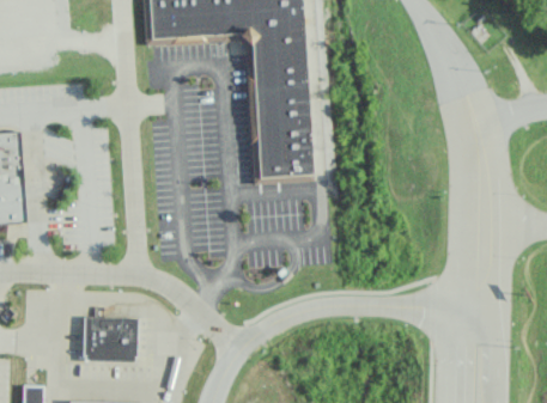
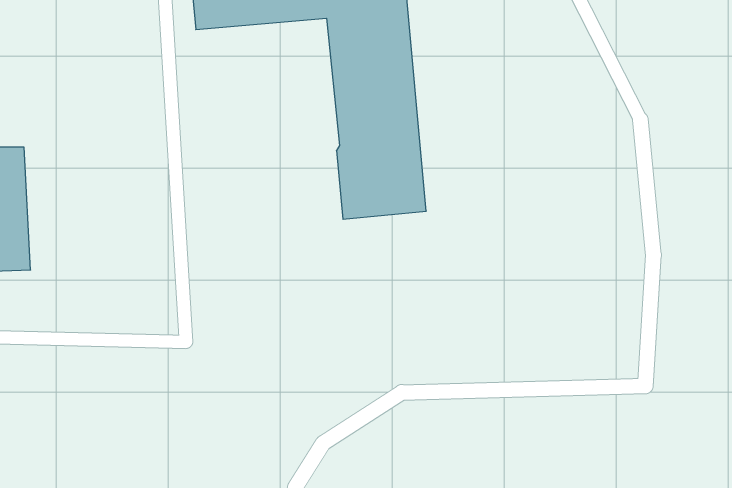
building: [83,316,138,361] -> none

